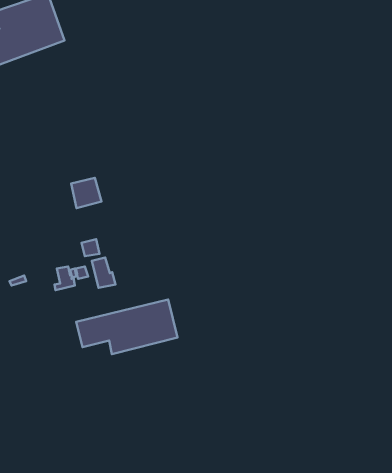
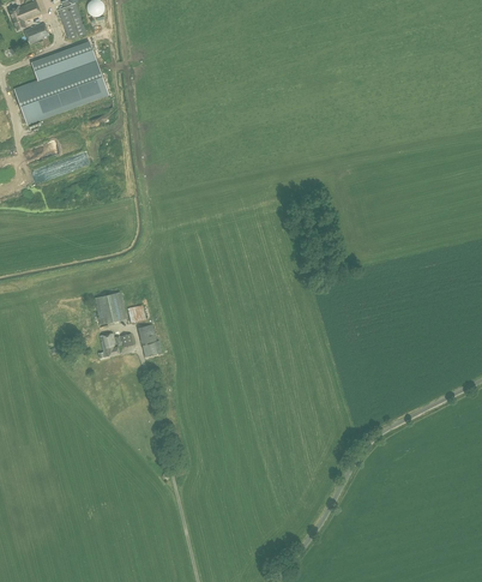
building: [71,178,101,208] -> [94,292,126,324]
building: [76,300,178,354] -> none

